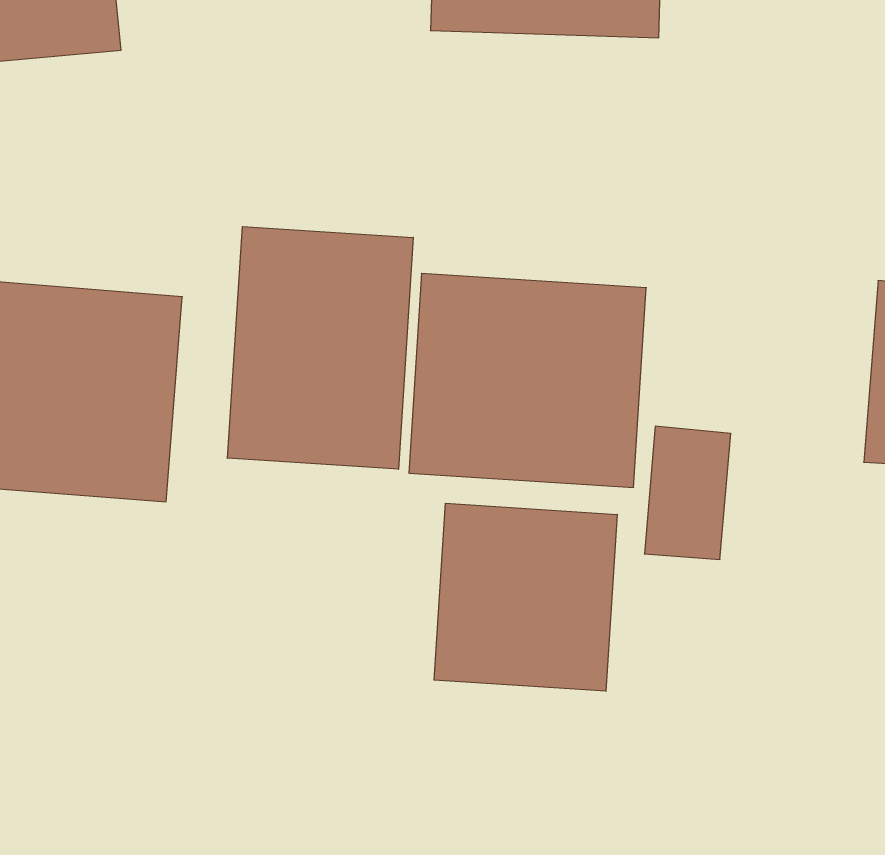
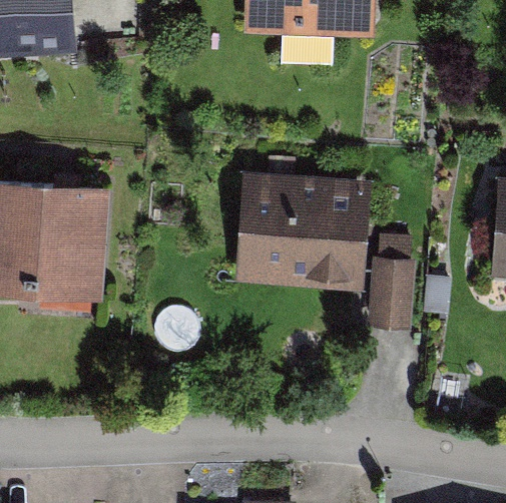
building: [227,227,413,469] -> none
building: [434,503,617,691] -> none

